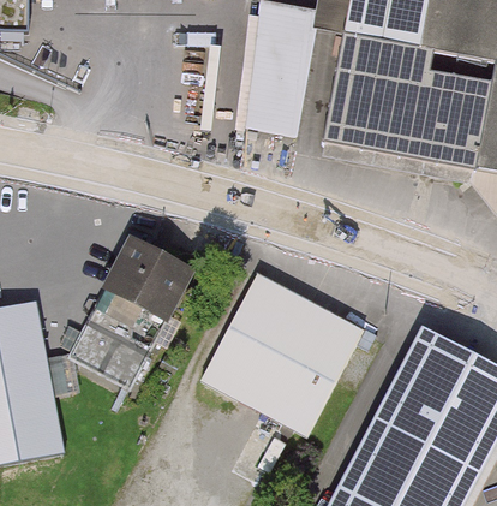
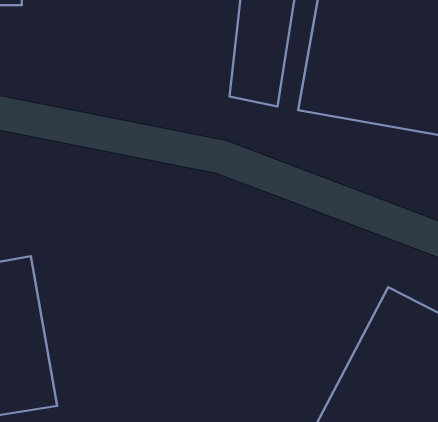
building: [68,239,192,389] -> none
building: [202,276,363,436] -> none

